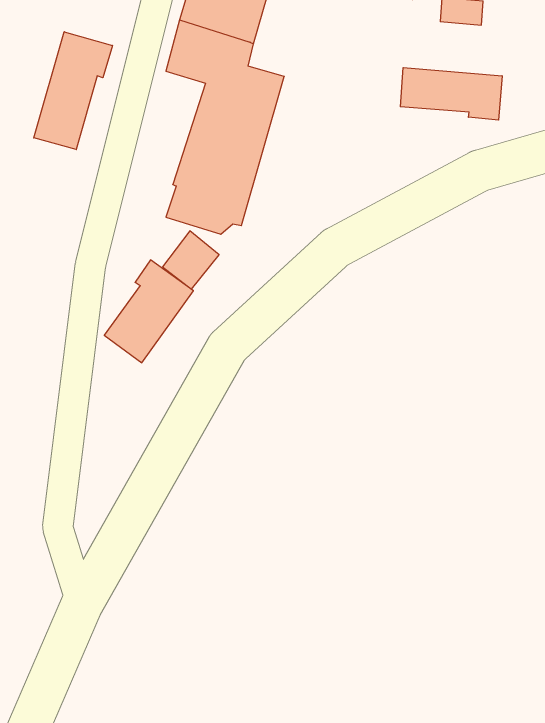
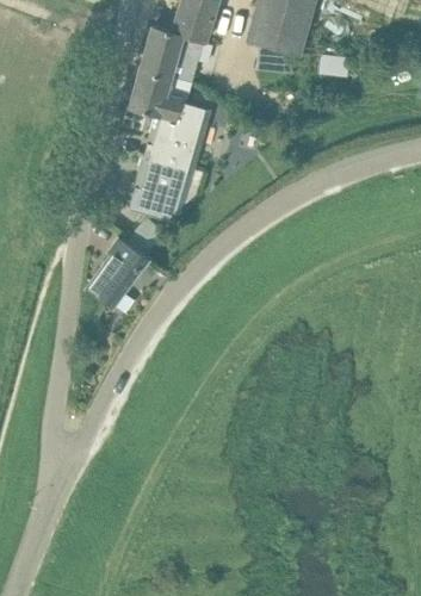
building: [34,32,112,150] -> none
building: [400,68,502,120] -> none

